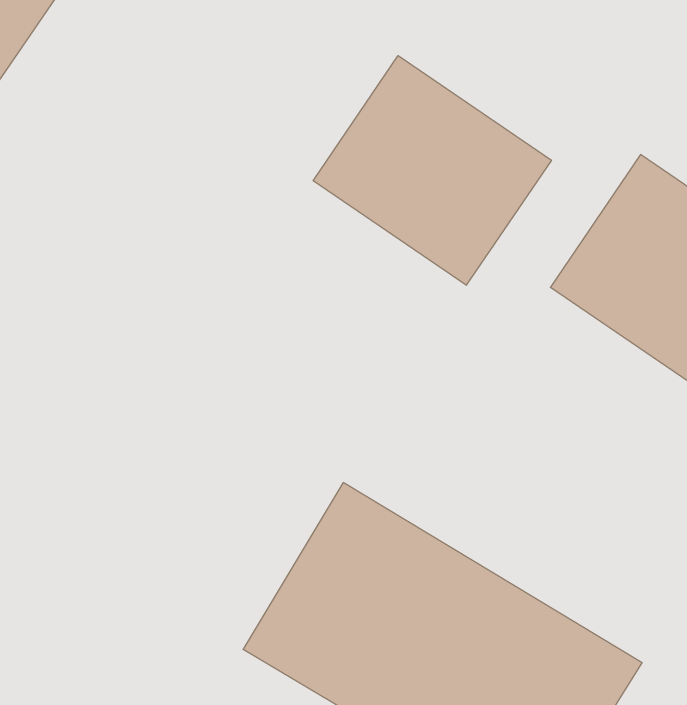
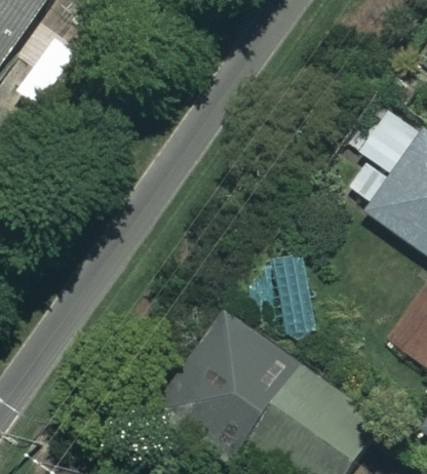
building: [313,56,551,285] -> none

